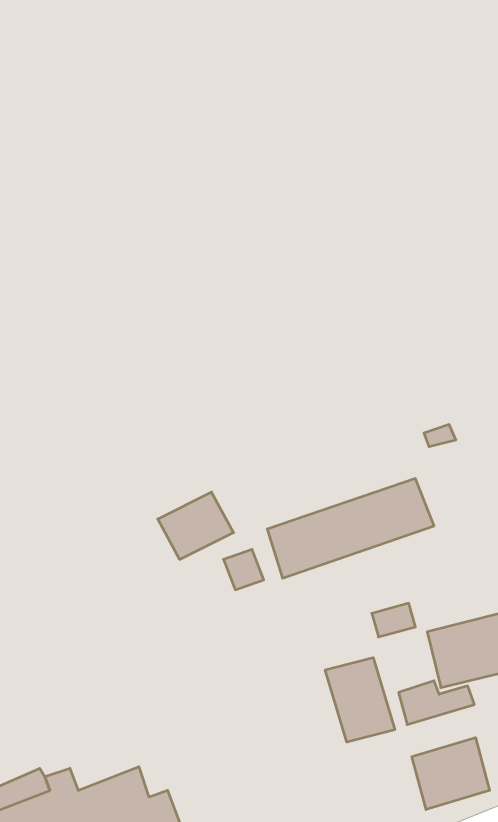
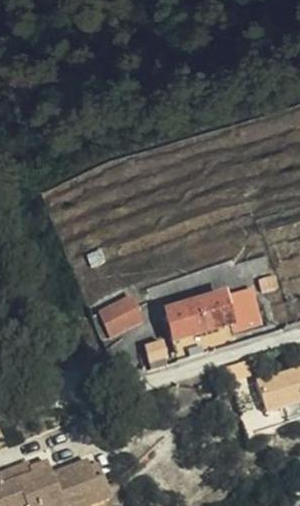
building: [325,658,395,742] -> none
building: [412,738,490,810] -> none

